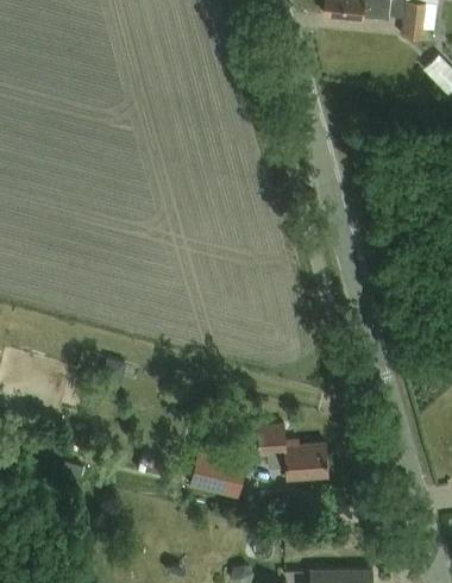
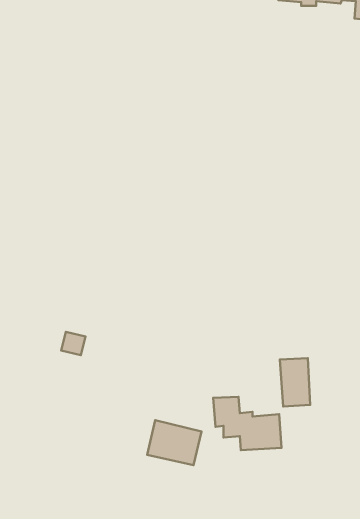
building: none -> [280,358,310,407]

